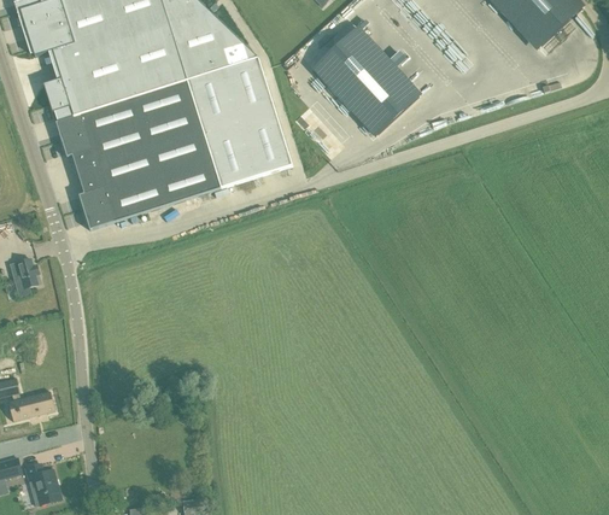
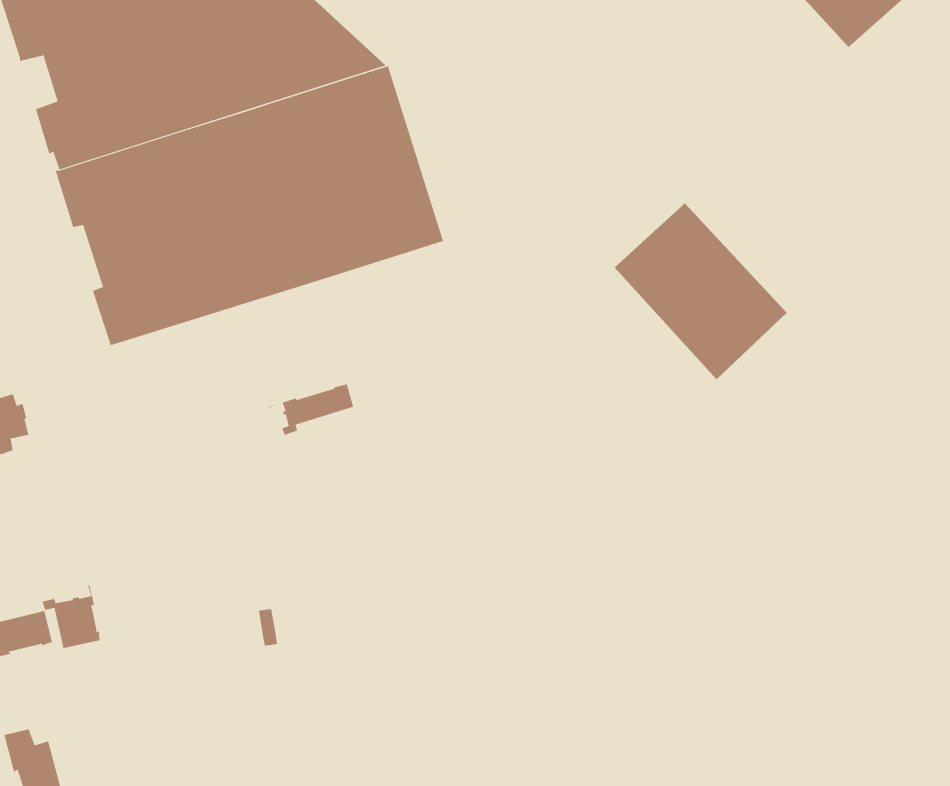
building: [312,27,418,135] -> [614,202,788,380]
building: none -> [267,384,354,436]
building: none -> [42,585,100,649]

